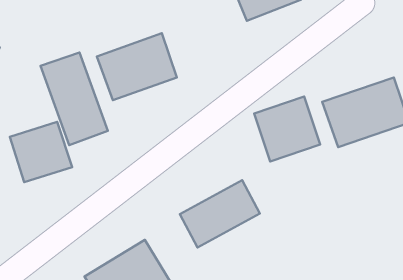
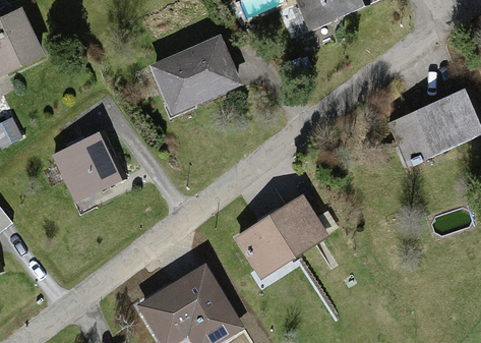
building: [41,52,108,145] -> none
building: [254,96,320,161] -> none

